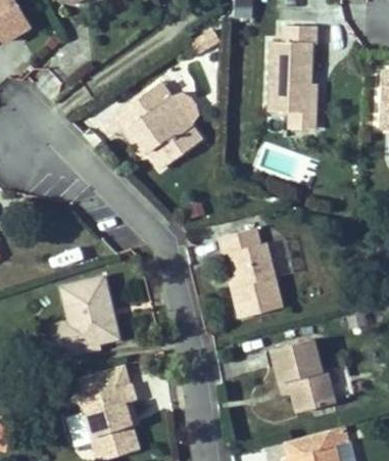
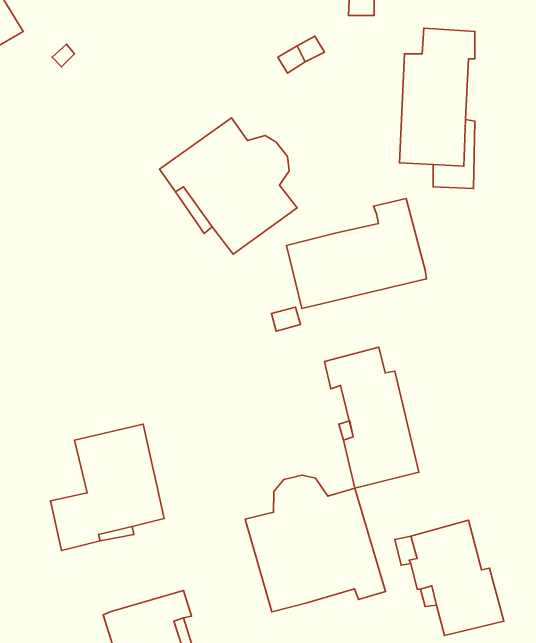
building: none -> [287,198,426,309]
building: none -> [245,475,386,612]
building: [79,363,131,397] -> none

